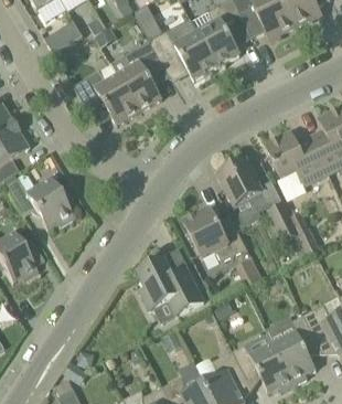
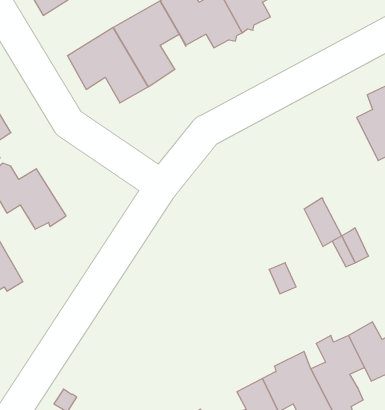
building: [266,131,329,195] -> none
building: [220,159,270,225] -> none
building: [183,206,247,261] -> none
building: [137,257,204,321] -> none

